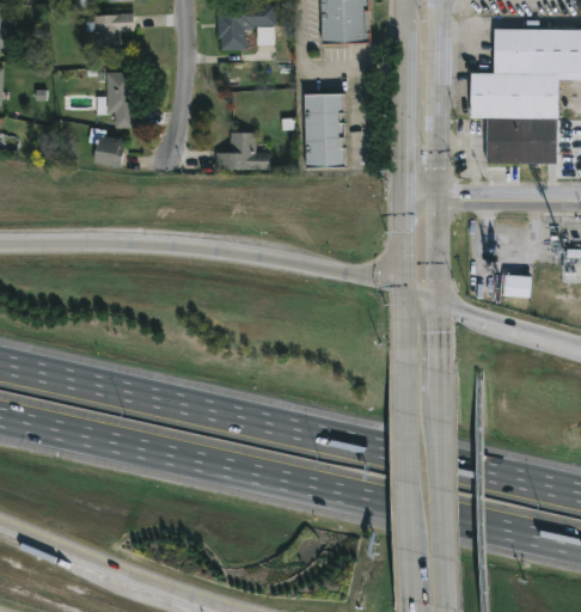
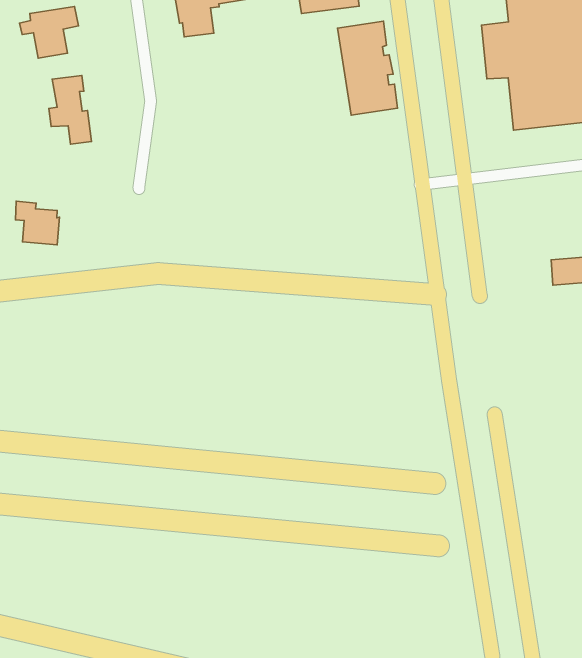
building: [304,92,345,167] -> [337,21,397,115]
building: [88,127,126,167] -> [16,201,60,245]
building: [215,131,270,170] -> none

